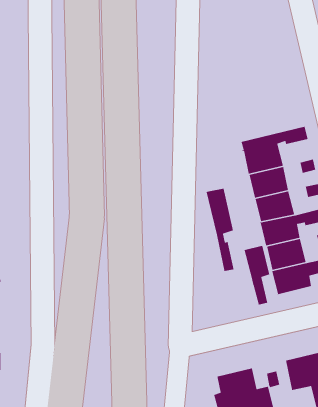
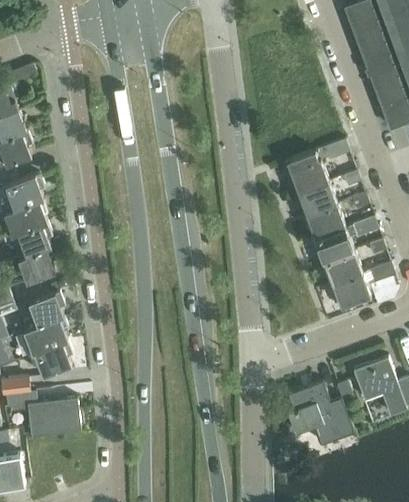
building: [205,185,235,272] -> none
building: [243,243,270,305] -> none

